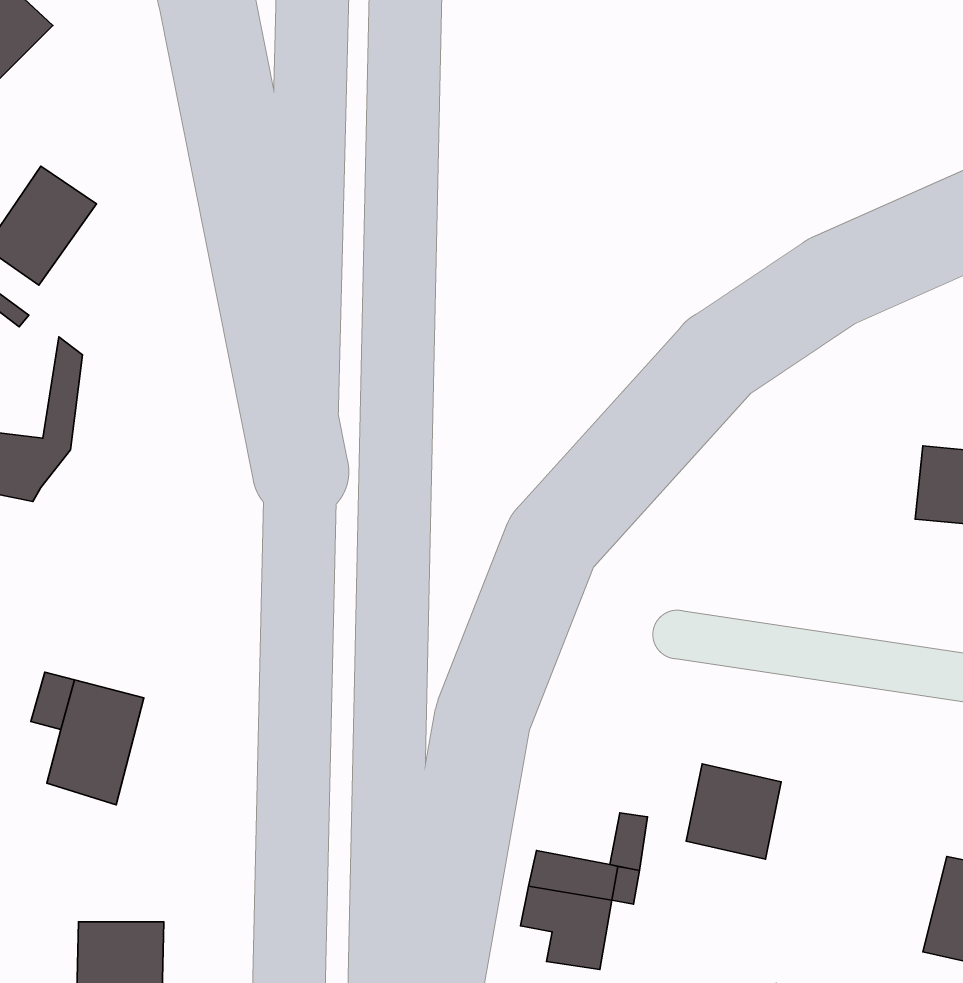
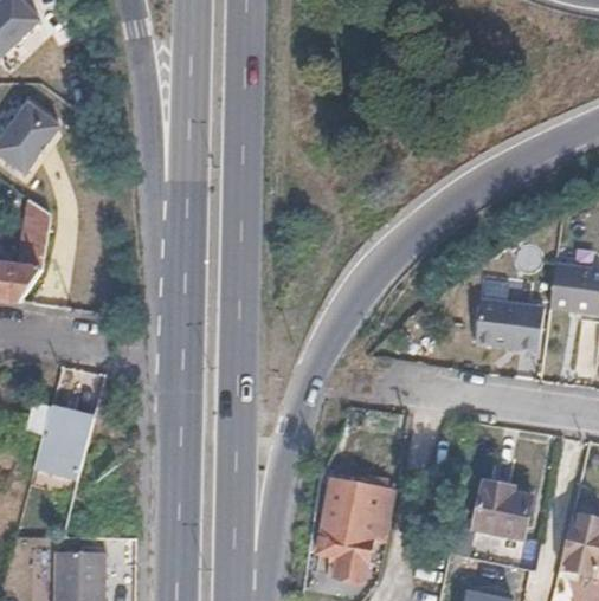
building: none -> [476,305,543,354]
building: [686,764,781,859] -> [474,482,530,538]
building: none -> [324,479,374,517]

